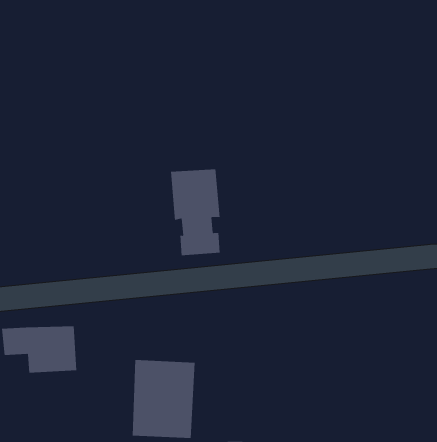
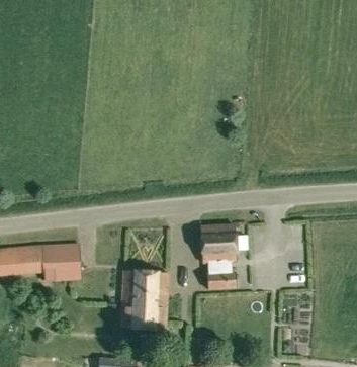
building: [170,169,220,256] -> [198,223,236,288]

